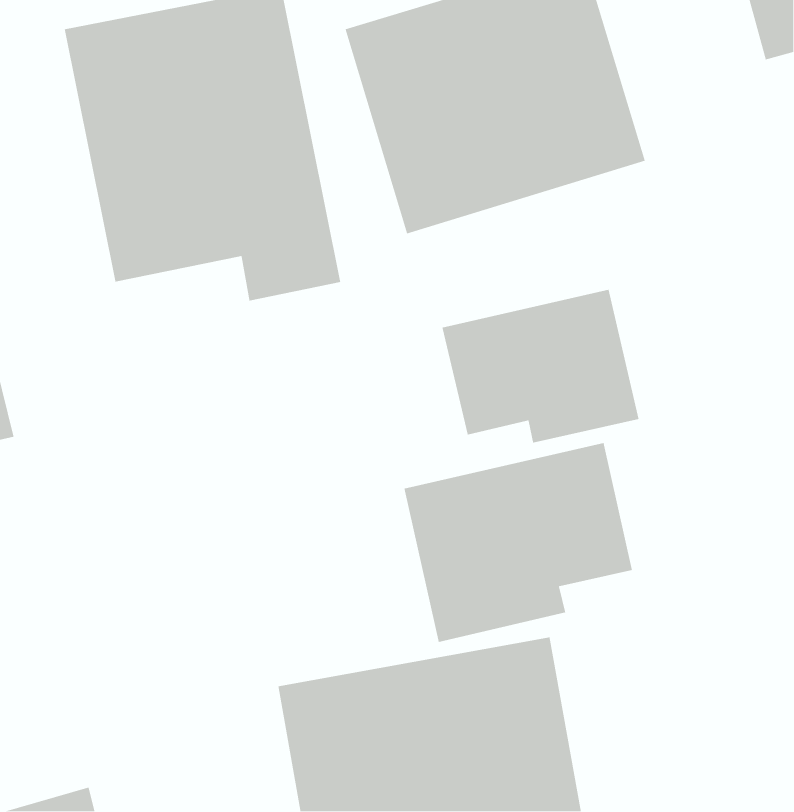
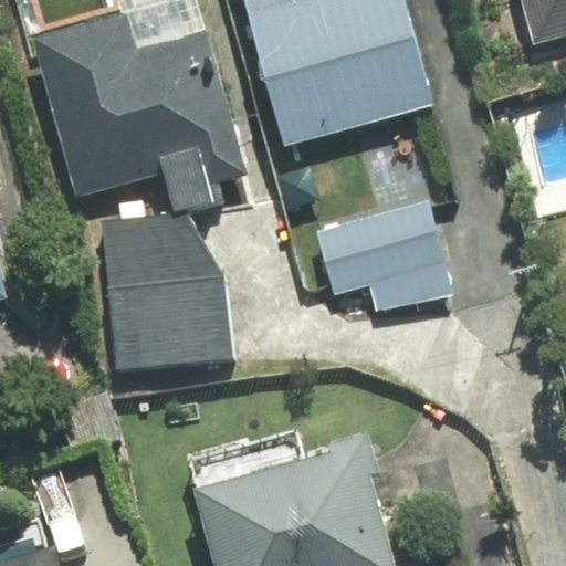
building: none -> [98,228,241,381]
building: [403,442,633,643] -> none

